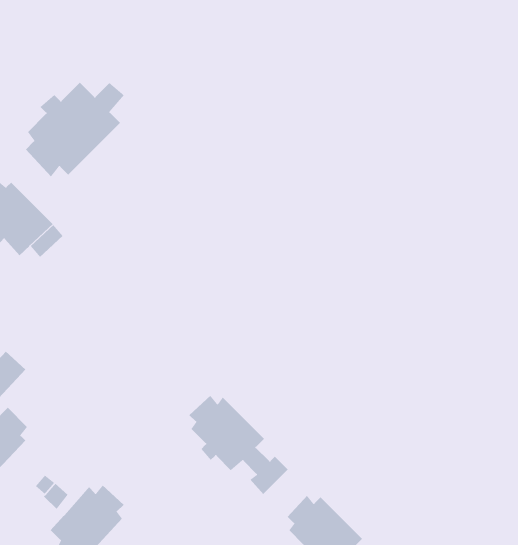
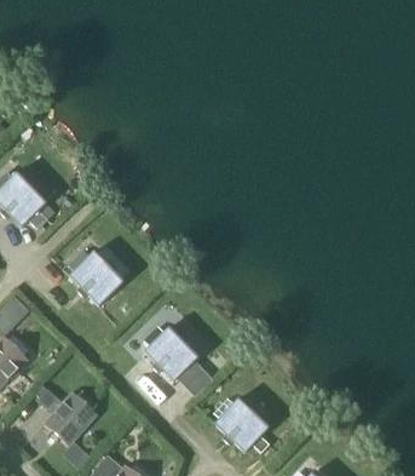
building: [25,82,125,178] -> none
building: none -> [69,251,123,305]

